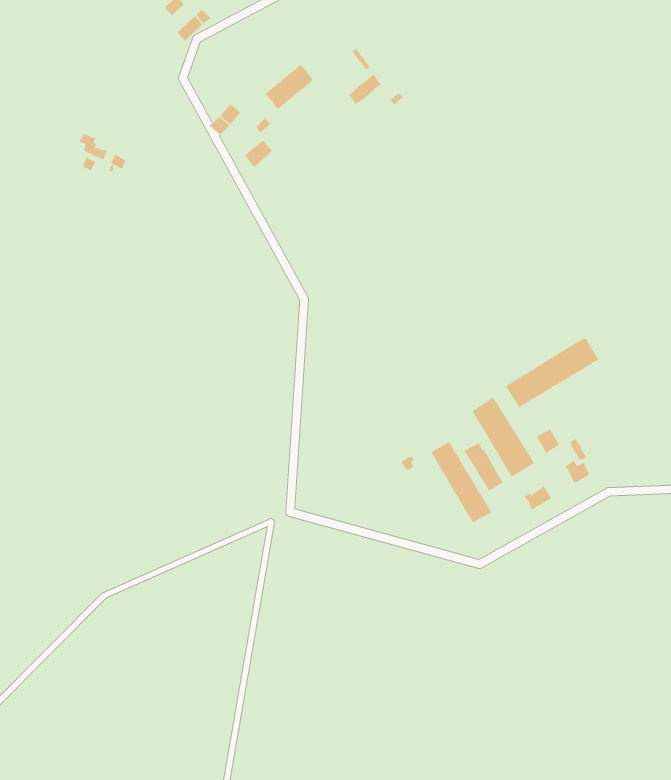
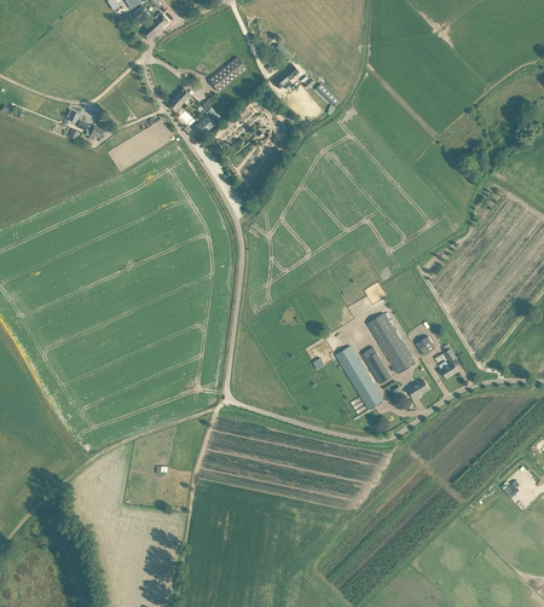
building: [505,338,599,408] -> none

